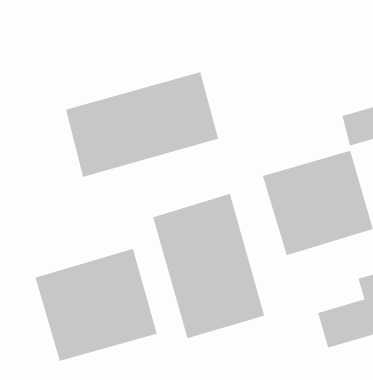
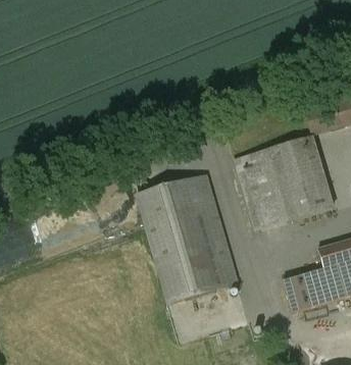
building: [65,71,219,178] -> none
building: [34,248,158,362] -> none

